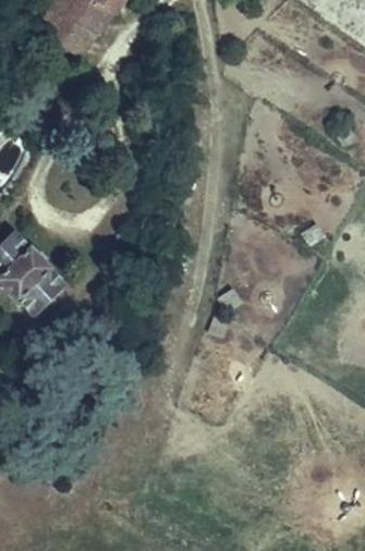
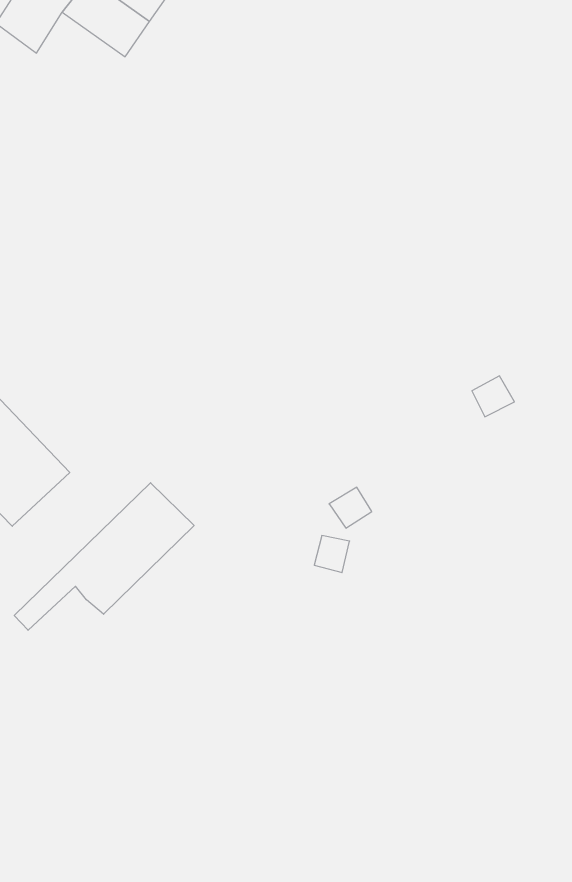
building: none -> [14,483,194,630]

